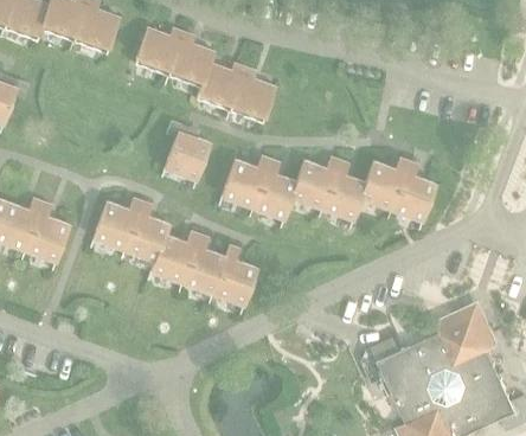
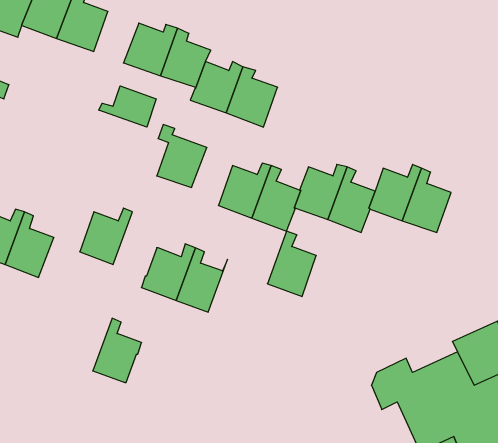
building: none -> [99,86,156,127]
building: [124,201,169,261] -> [93,318,142,382]
building: [212,245,257,306] -> [267,231,316,297]

